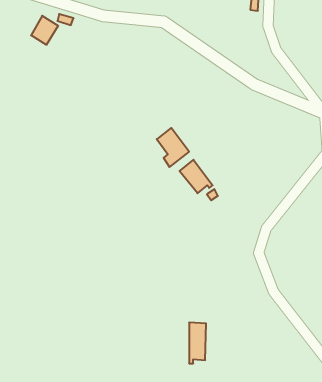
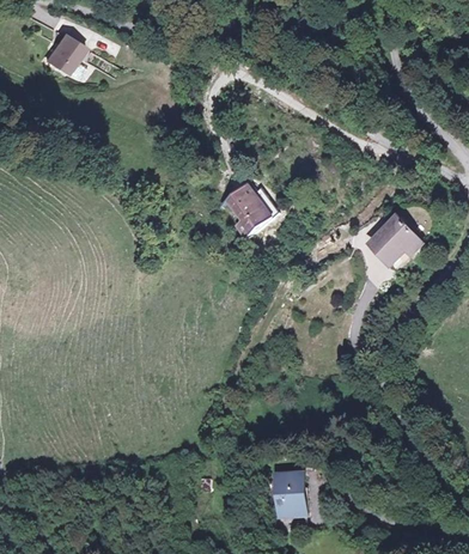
building: none -> [371,218,419,267]
building: [180,160,213,193] -> none

